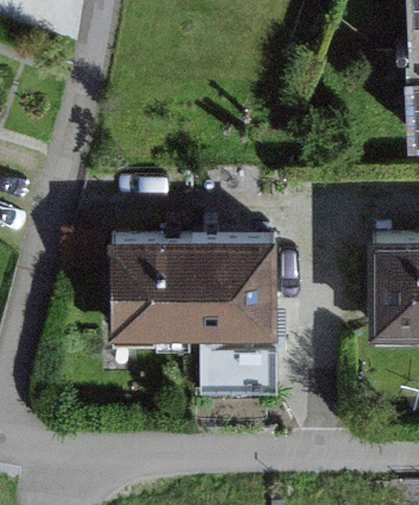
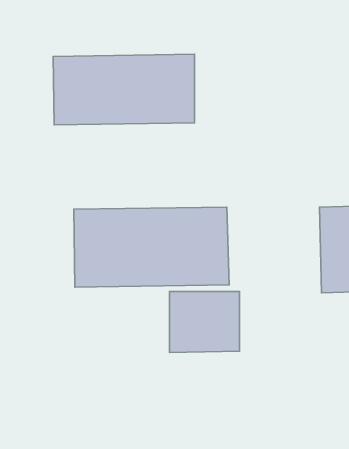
building: none -> [53,54,195,125]

